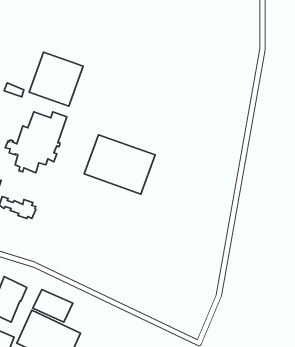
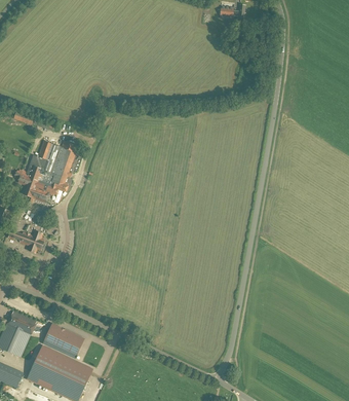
building: [29,52,83,106] -> none
building: [84,135,155,194] -> none

